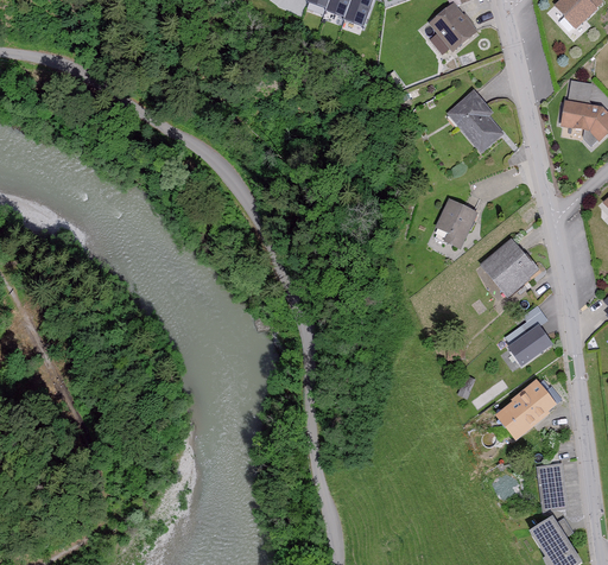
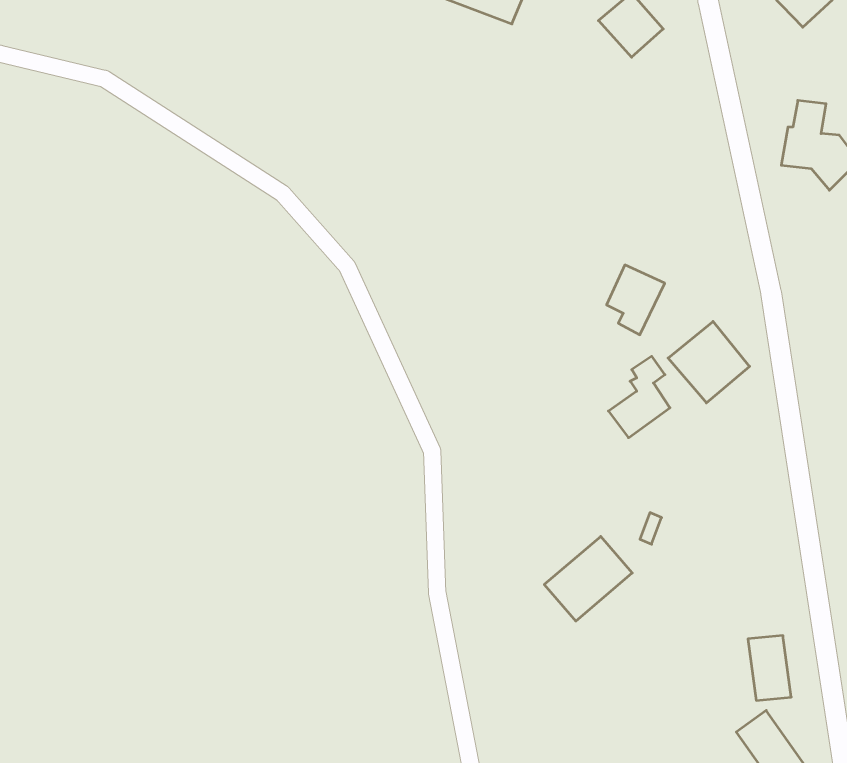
building: [446,90,501,152] -> none
building: [506,306,550,364] -> [608,356,670,438]
building: [493,381,556,442] -> [544,536,632,621]

